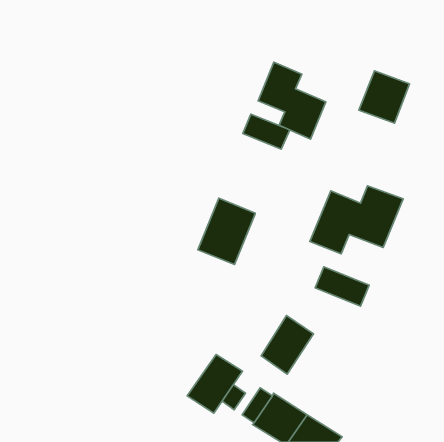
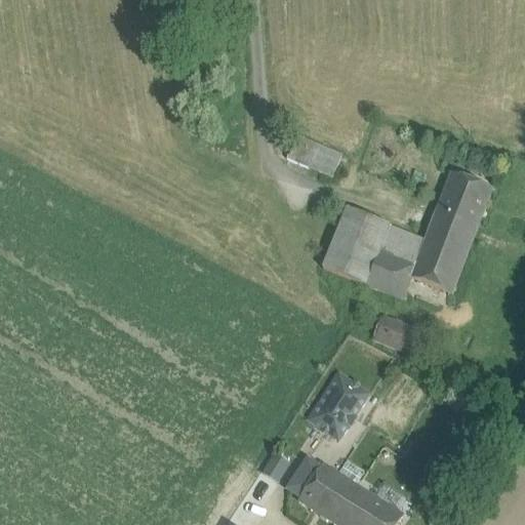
building: [258,62,326,139] -> none
building: [359,71,409,123] -> [433,172,492,234]
building: [198,198,255,264] -> [322,206,390,284]
building: [187,354,242,413] -> none

